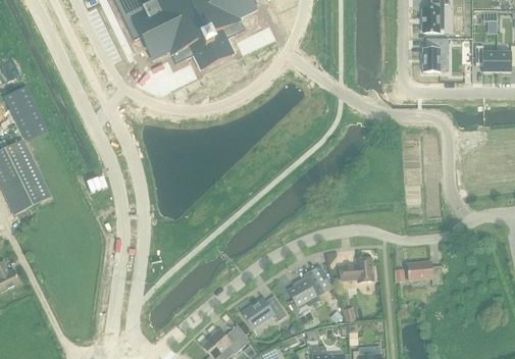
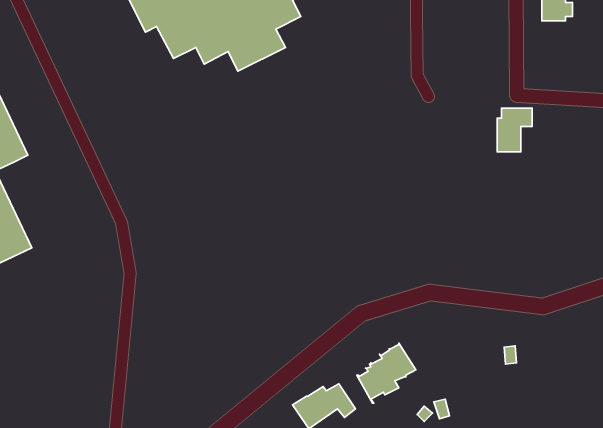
building: [421,43,447,74] -> [497,108,532,152]
building: [339,257,372,281] -> none
building: [406,261,442,284] -> none

